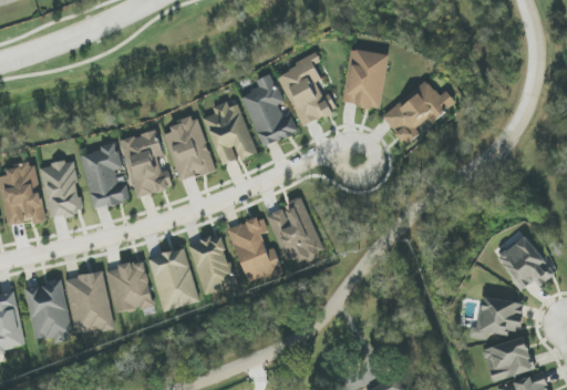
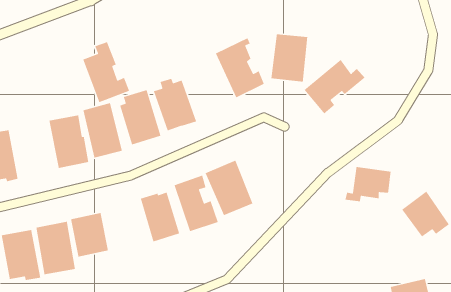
building: [240,74,297,147] -> [82,41,130,103]
building: [40,160,82,218] -> none
building: [147,248,198,311] -> none
building: [467,297,523,339] -> [345,166,392,202]

